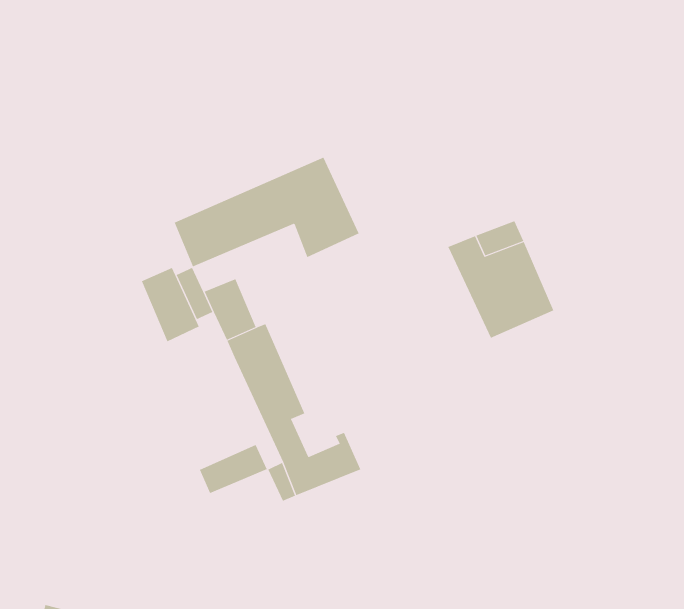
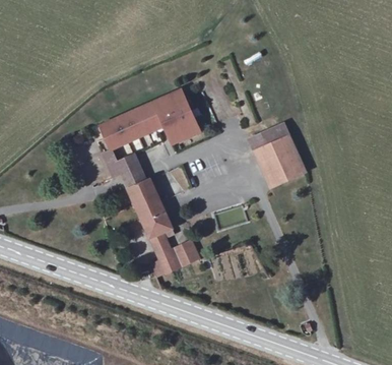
building: [141,267,200,342] -> none
building: [199,444,268,494] -> none

